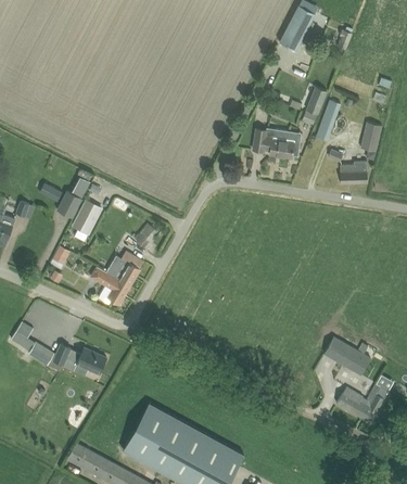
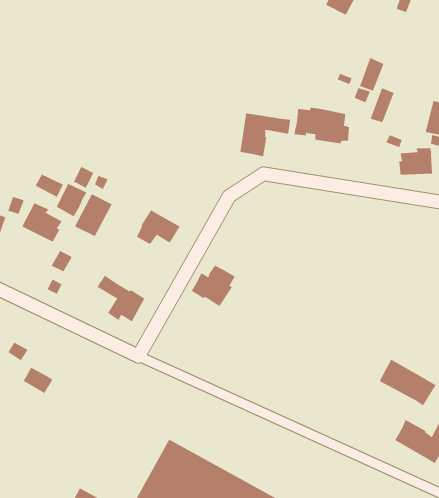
building: none -> [240,113,291,157]
building: none -> [22,202,62,243]
building: [105,252,142,286] -> [191,265,235,307]
building: [53,344,105,375] -> none

